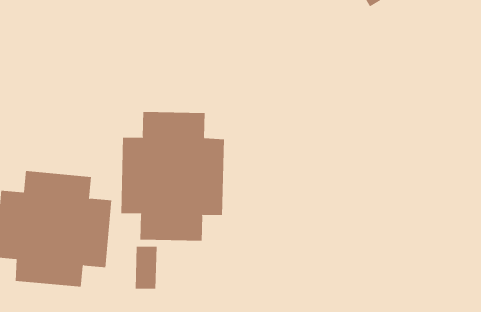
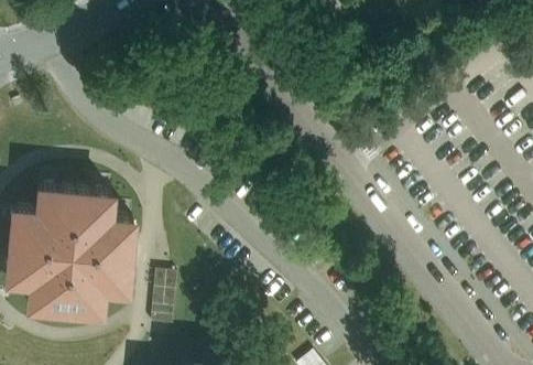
building: [121,111,224,242] -> none

